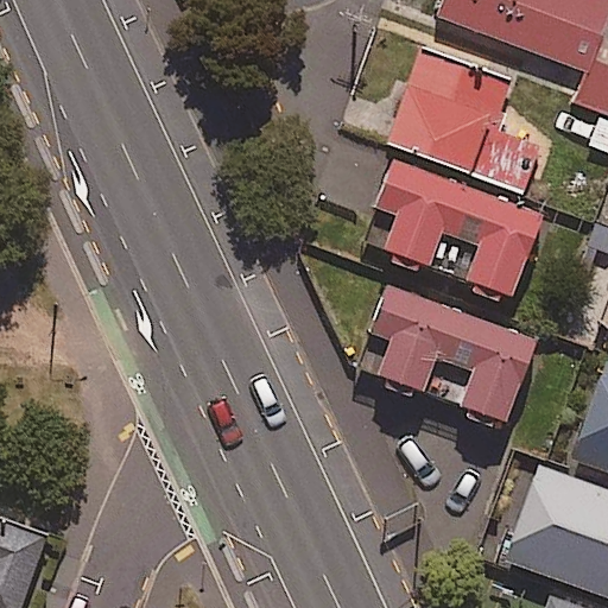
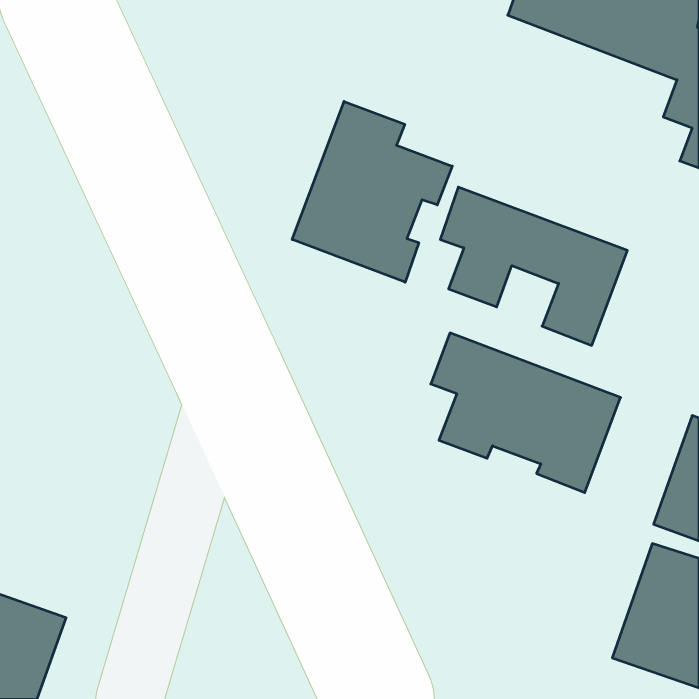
building: [390,50,538,189] -> none
building: none -> [292,101,452,282]

